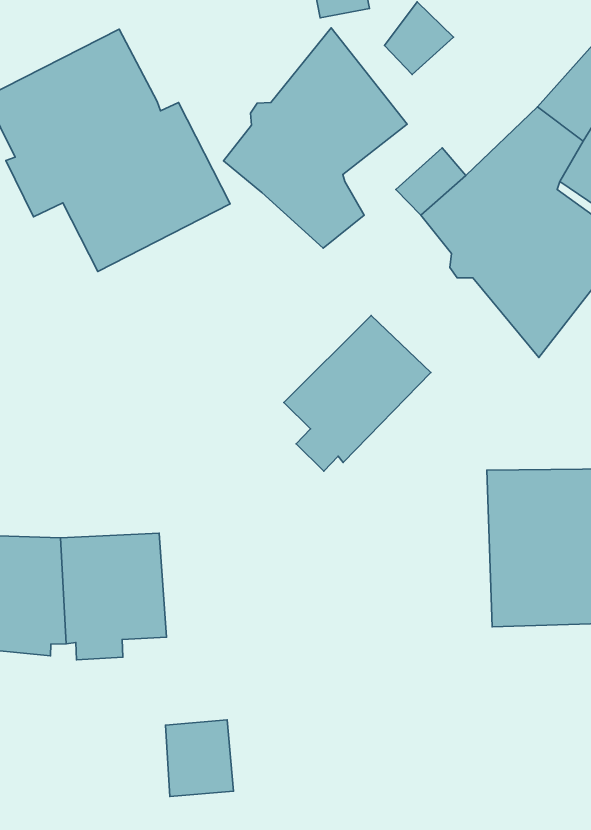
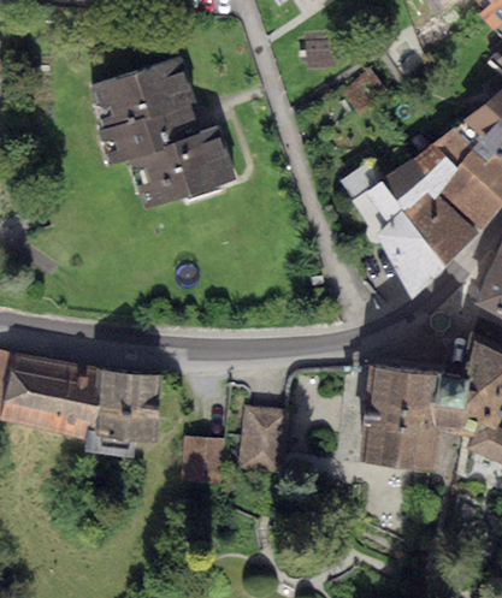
building: [223,28,407,248] -> none
building: [284,315,431,471] -> none
building: none -> [240,407,288,469]
building: [165,720,233,796] -> [181,437,223,484]

